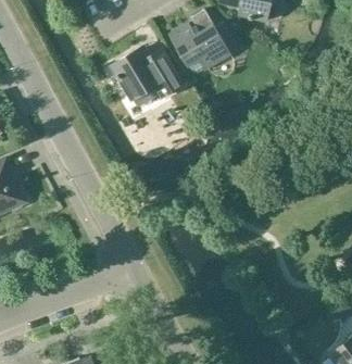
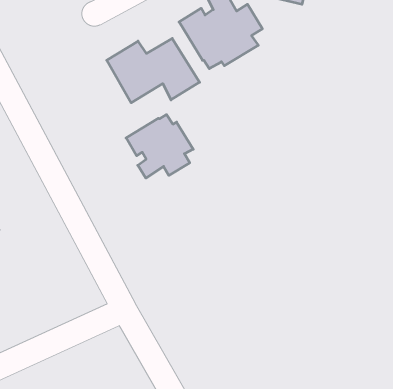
building: none -> [126,115,193,178]

